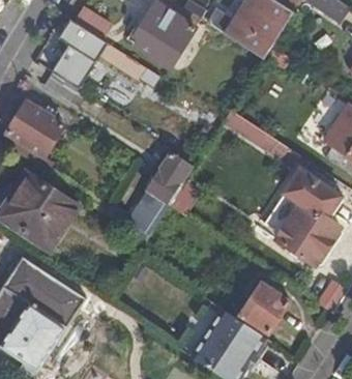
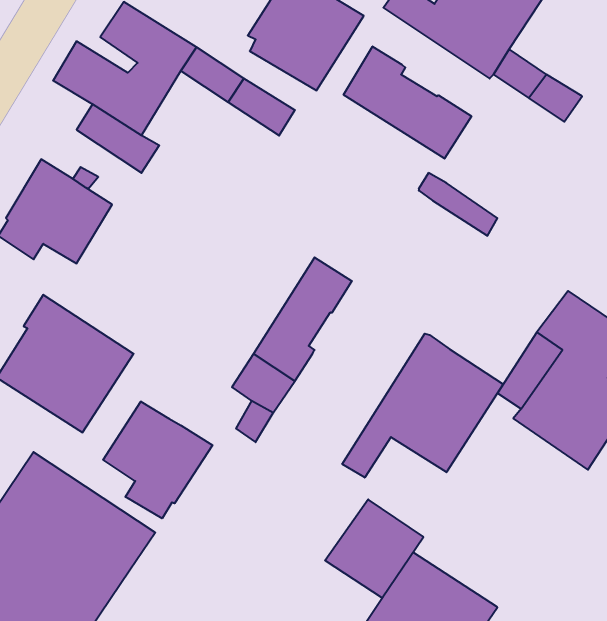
building: none -> [344,46,471,159]
building: none -> [342,334,503,478]
building: none -> [103,401,212,518]
building: [237,280,289,331] -> [325,499,423,598]

